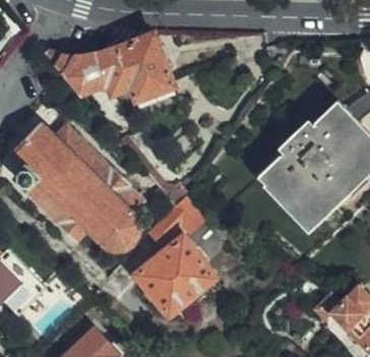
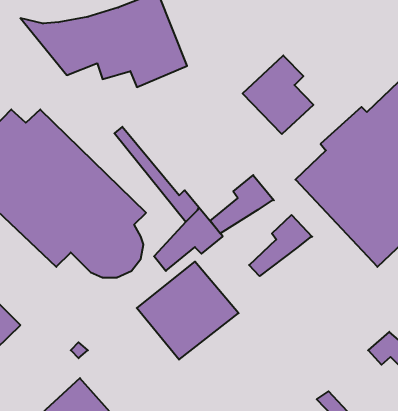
building: none -> [243,55,313,134]
building: none -> [210,175,274,234]
building: none -> [249,215,312,276]

